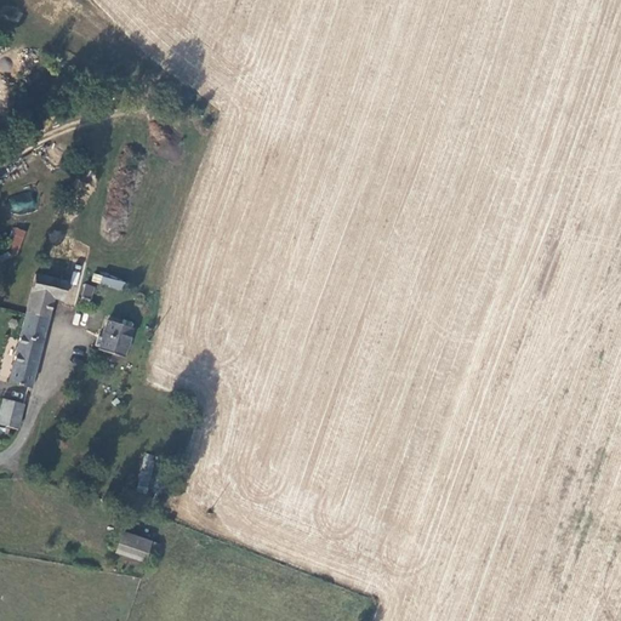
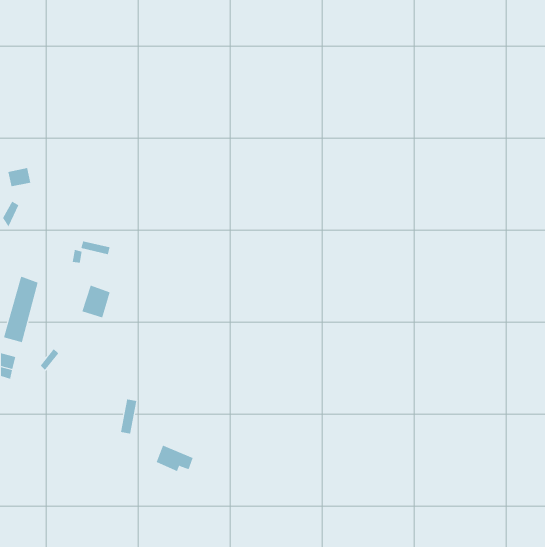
building: [27,274,68,319] -> none
building: [119,530,161,560] -> [156,445,194,472]

